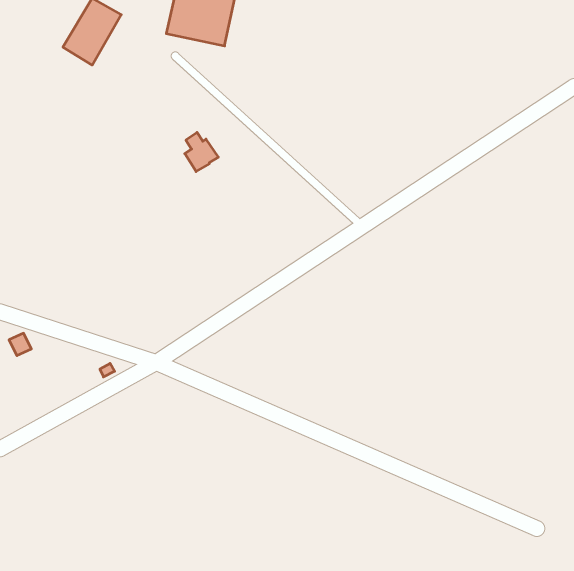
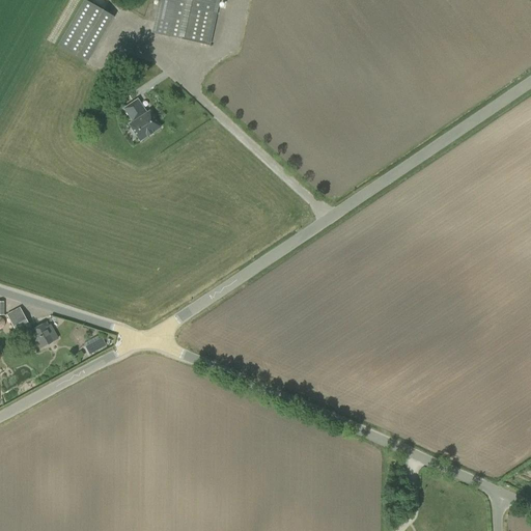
building: [185,132,218,172] -> [130,103,161,139]
building: none -> [30,319,58,346]

